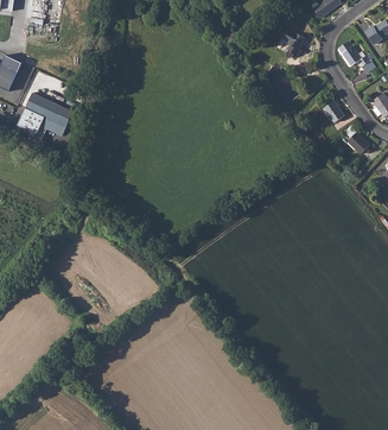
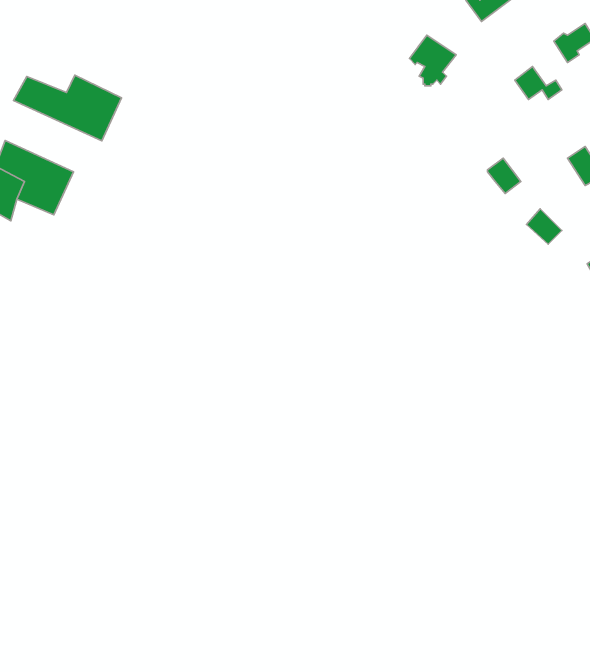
building: none -> [14,75,122,141]

